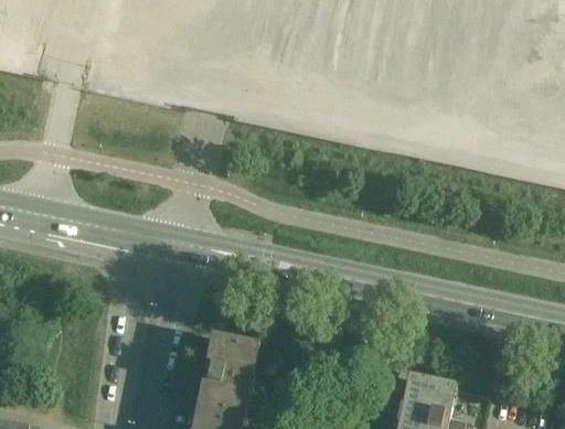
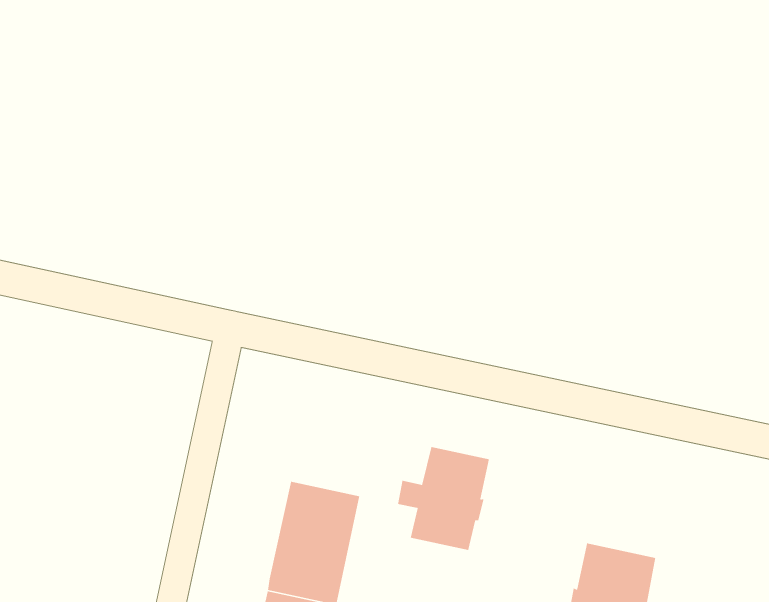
building: none -> [397,446,490,551]

